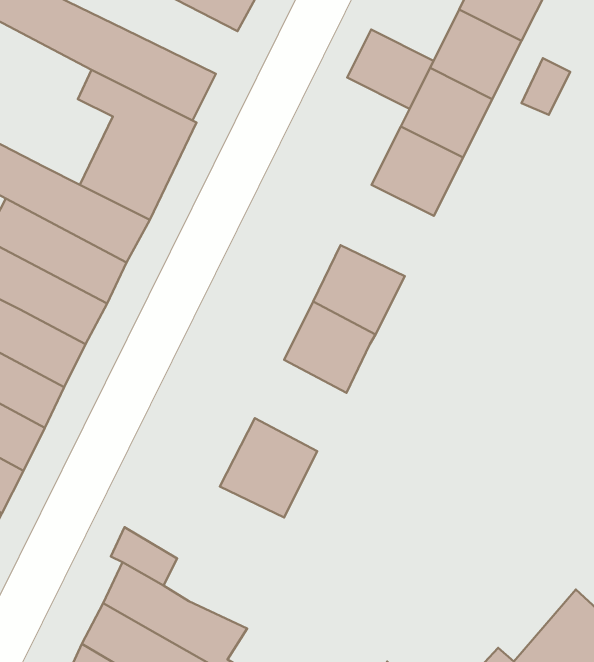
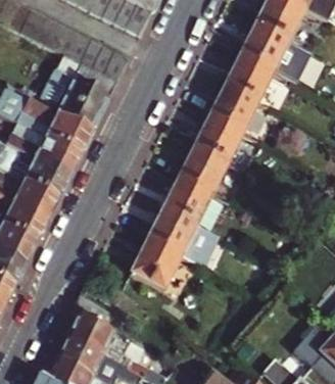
building: [347,30,434,109] -> none
building: none -> [38,70,74,115]
building: none -> [193,115,242,163]
building: none -> [148,207,196,255]

